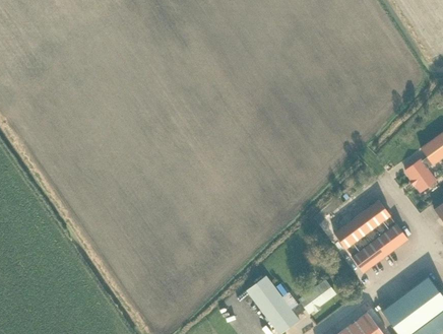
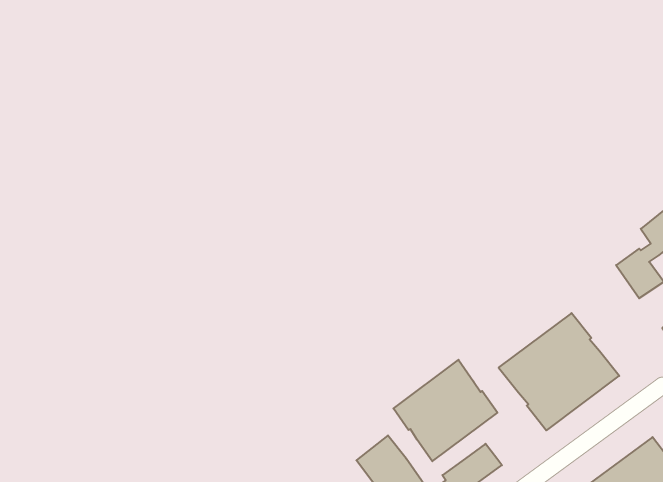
building: none -> [393,360,497,461]

